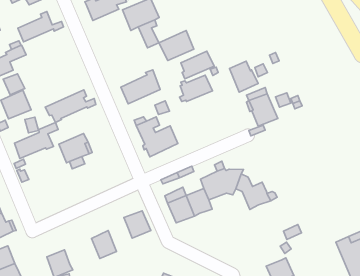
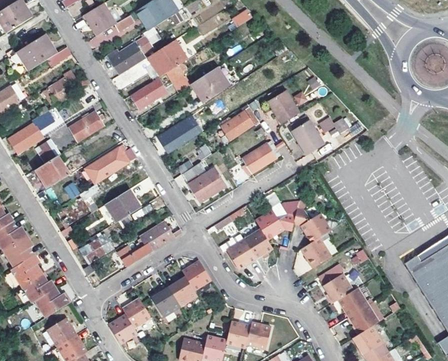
building: none -> [130,78,166,108]
building: [181,51,214,79] -> [241,144,276,176]
building: none -> [67,112,103,143]
building: none -> [116,222,182,268]
building: none -> [78,234,112,264]
building: none -> [301,236,331,267]
building: none -> [168,277,198,307]
building: none -> [122,298,151,328]
building: none -> [322,272,352,301]

